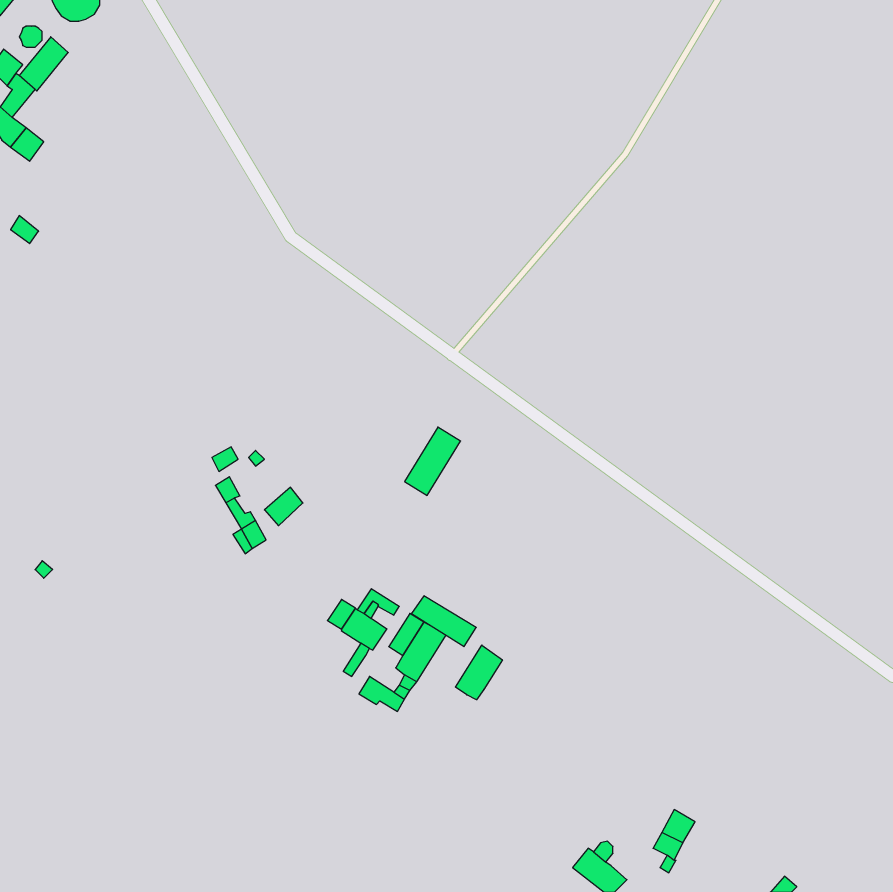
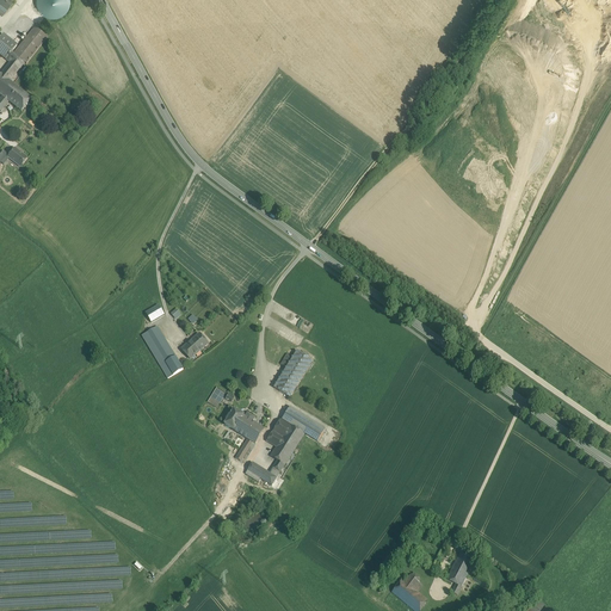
building: [405,427,461,495] -> [273,350,311,396]
building: [455,645,502,700] -> none

